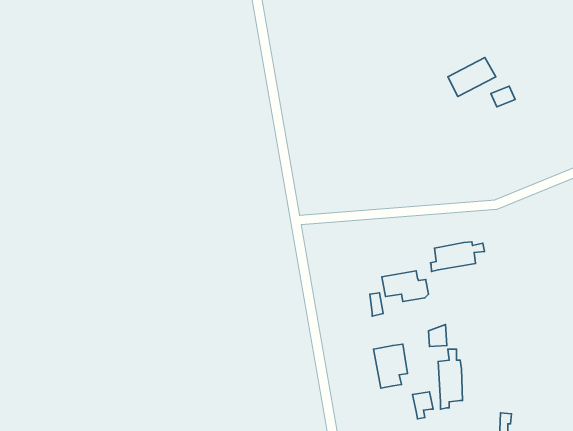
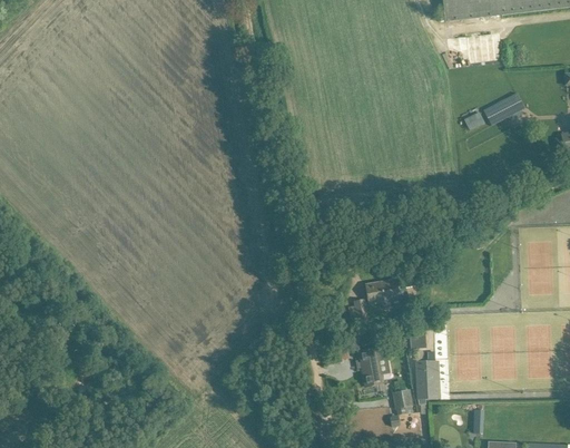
building: [448,57,496,97] -> [482,91,525,127]
building: [431,242,485,271] -> none

